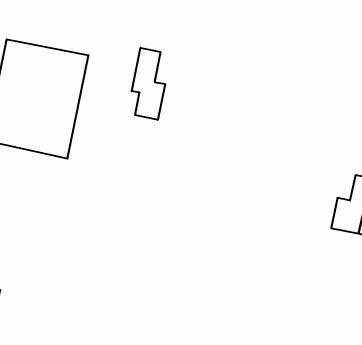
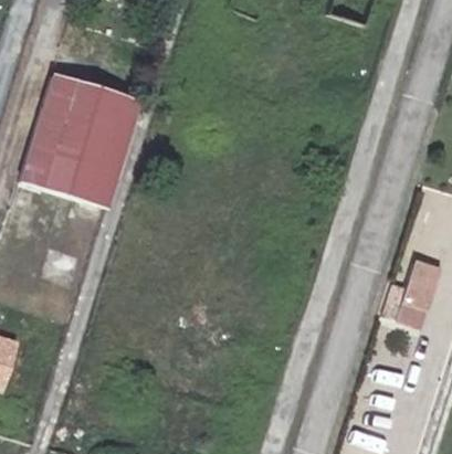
building: [132,48,165,120] -> none

